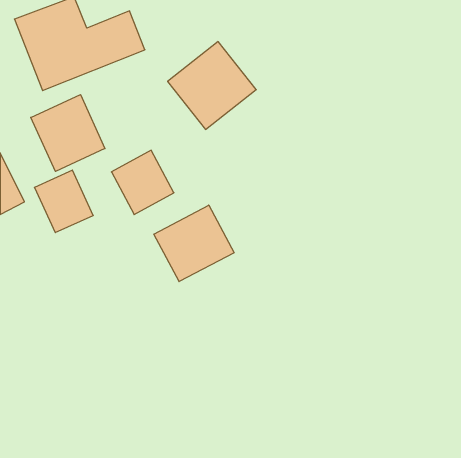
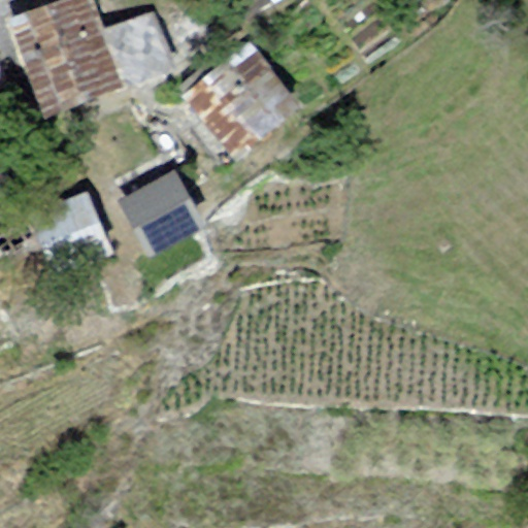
building: [31,95,105,171] -> none
building: [154,205,234,282] -> none

